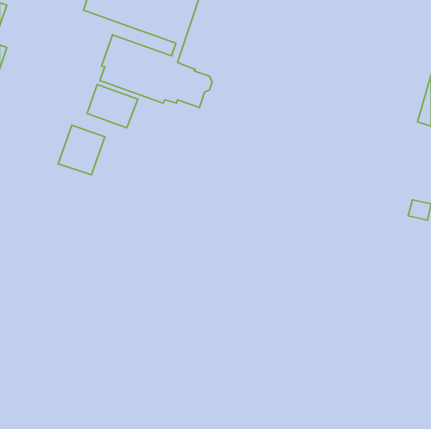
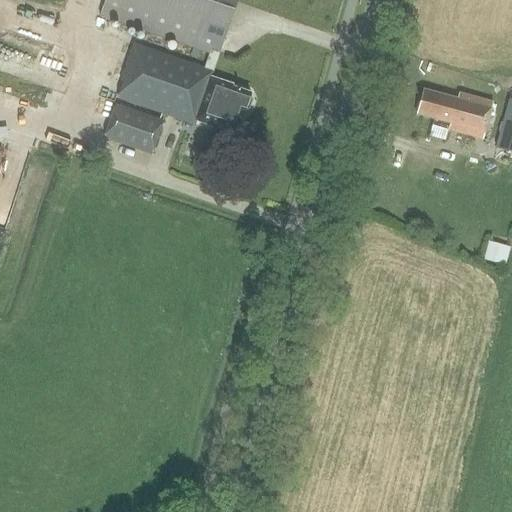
building: none -> [416,87,492,137]
building: [58,125,105,175] -> none

